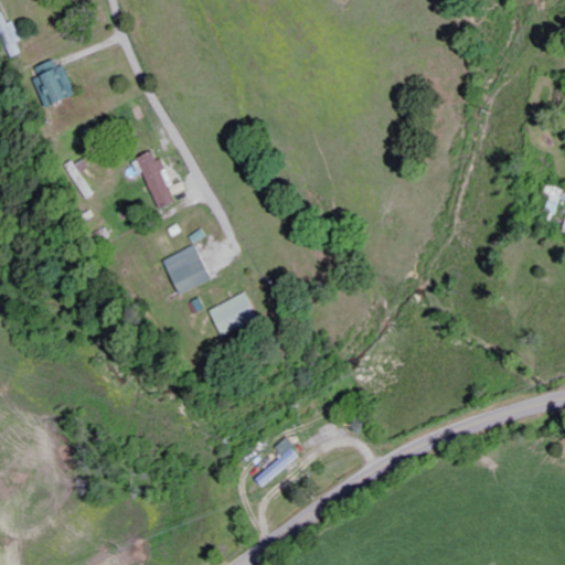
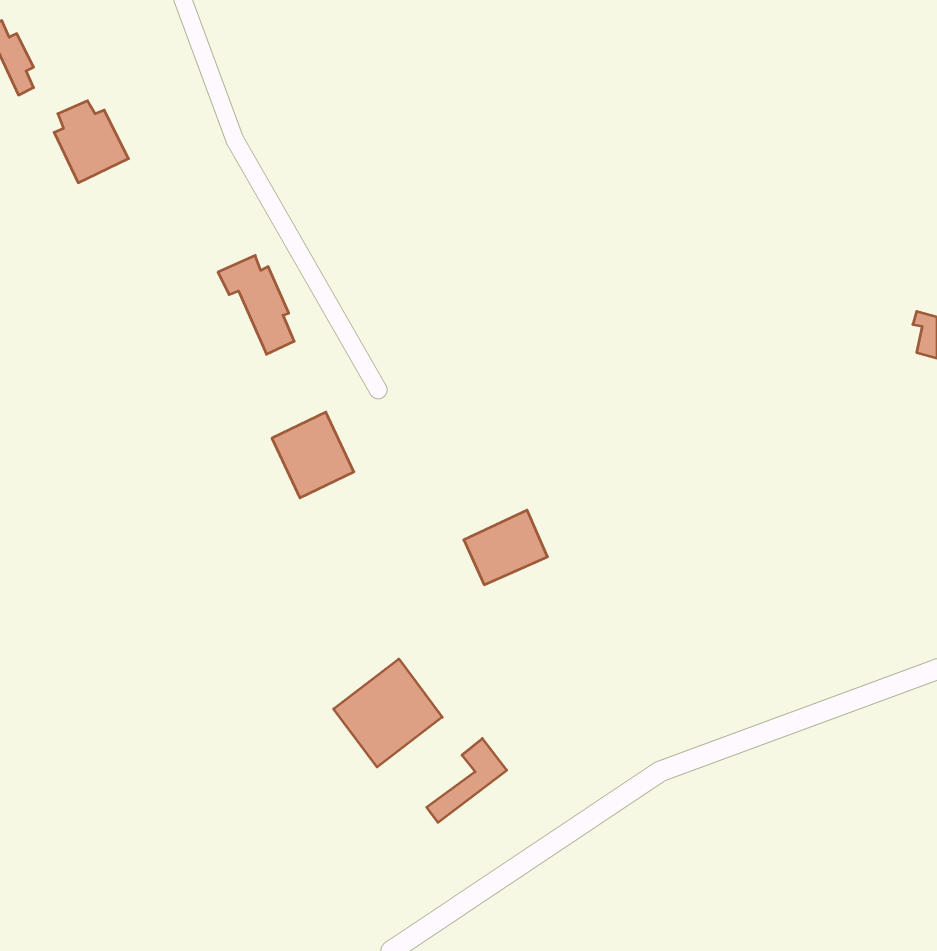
building: [207,291,257,335] -> [464,510,548,585]
building: none -> [334,659,442,767]

